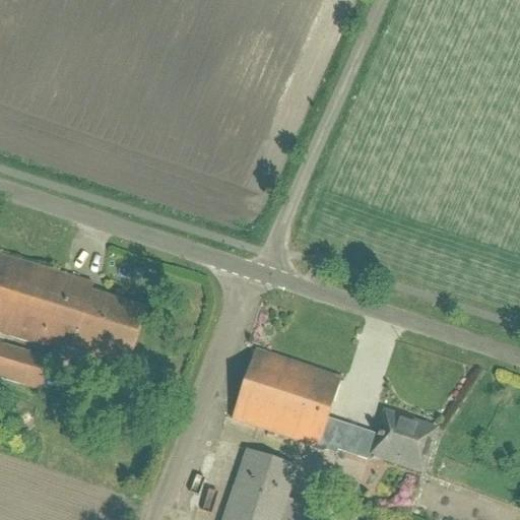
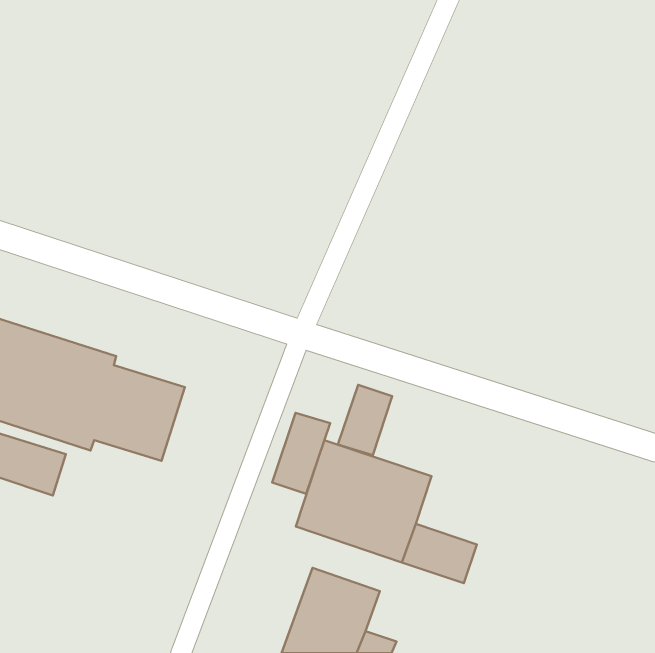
building: none -> [338,385,392,455]
building: none -> [272,413,330,494]
building: [370,409,437,472] -> none

